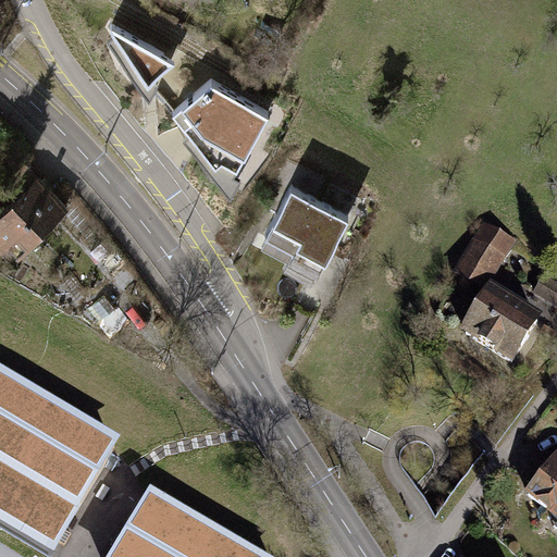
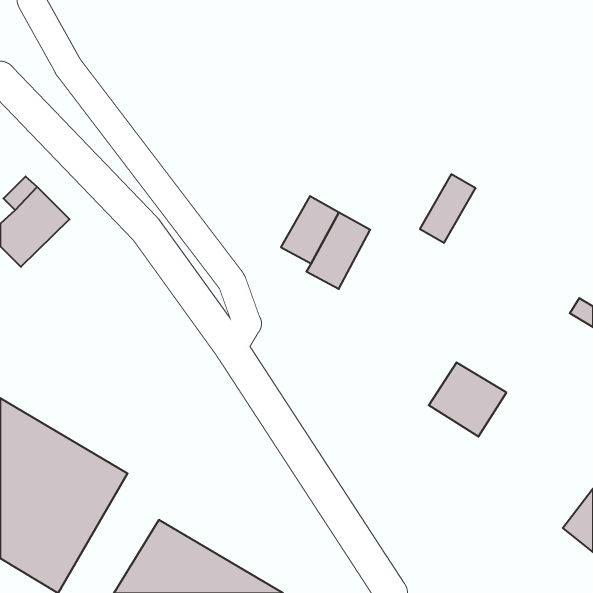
building: [111,24,173,82] -> none
building: [174,81,269,166] -> none
building: [459,225,511,289] -> [420,174,476,243]
building: [465,293,537,362] -> [429,362,506,437]

